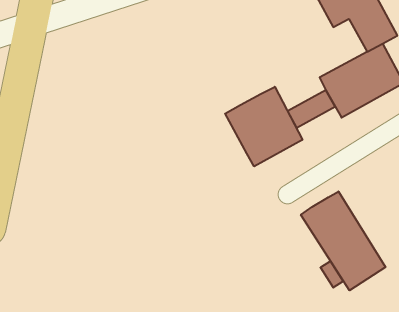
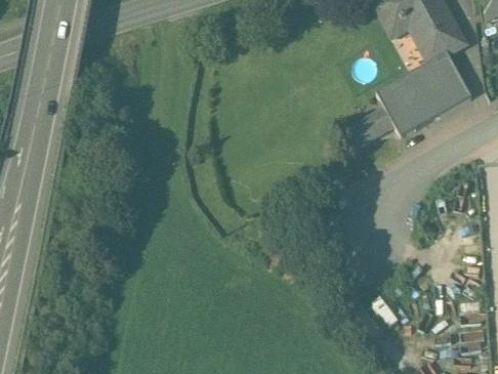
building: [225,87,302,166] -> none
building: [301,191,385,290] -> none

